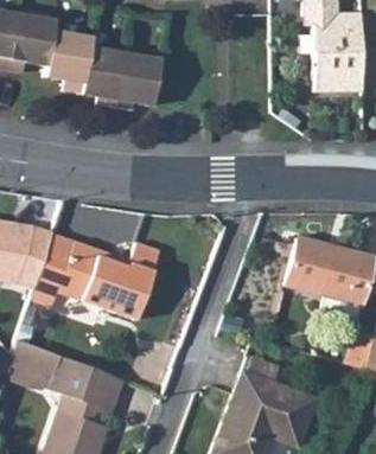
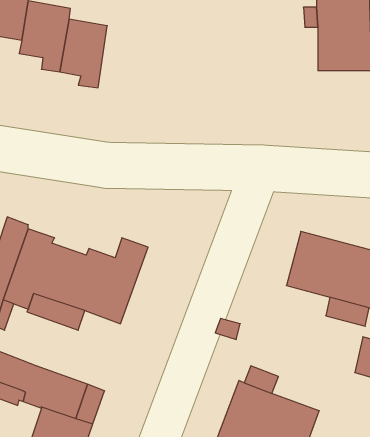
building: [117,51,161,109] -> none

